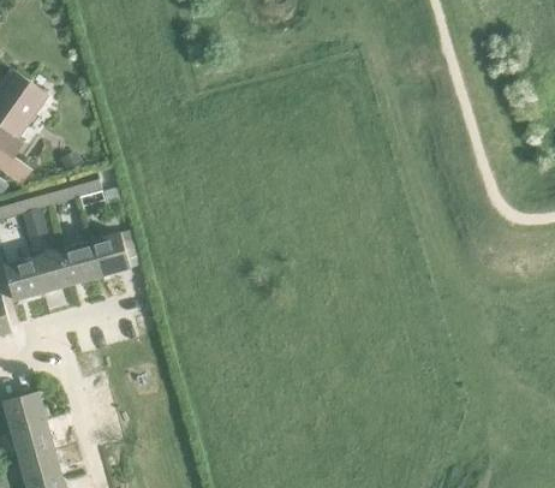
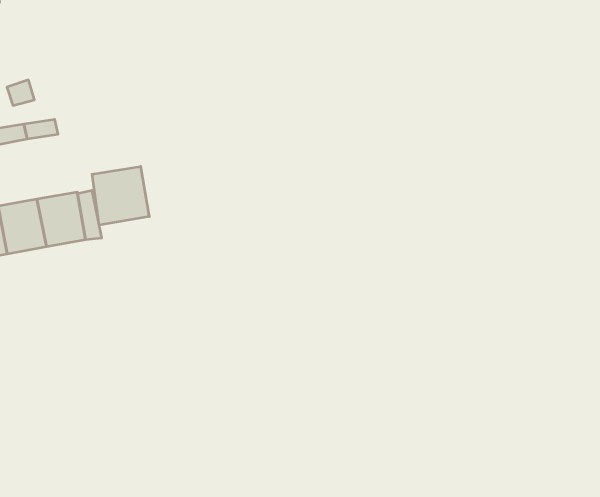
building: none -> [92,166,149,225]

